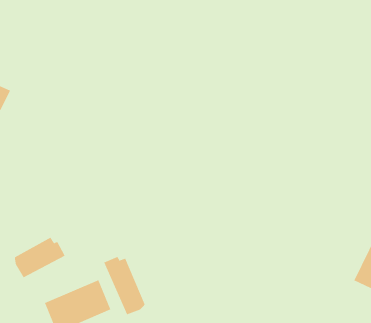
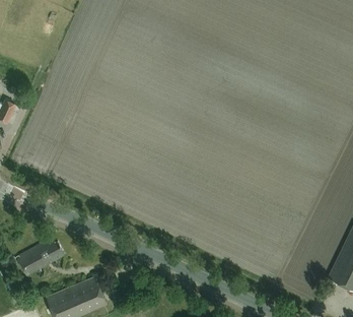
building: [104,256,145,315] -> none

